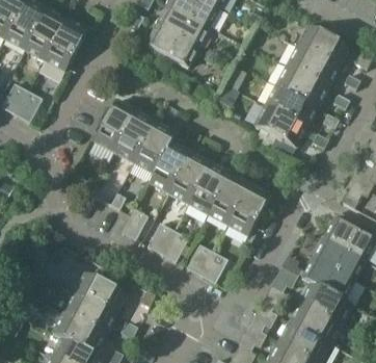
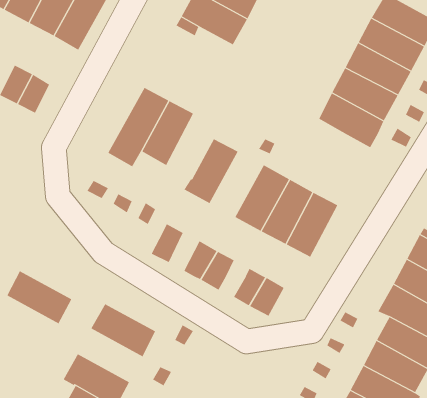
building: [133,123,176,175] -> none
building: [167,153,210,205] -> none
building: [62,293,114,336] -> [6,270,72,324]

